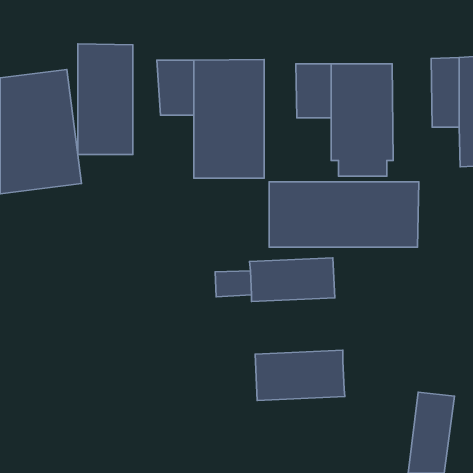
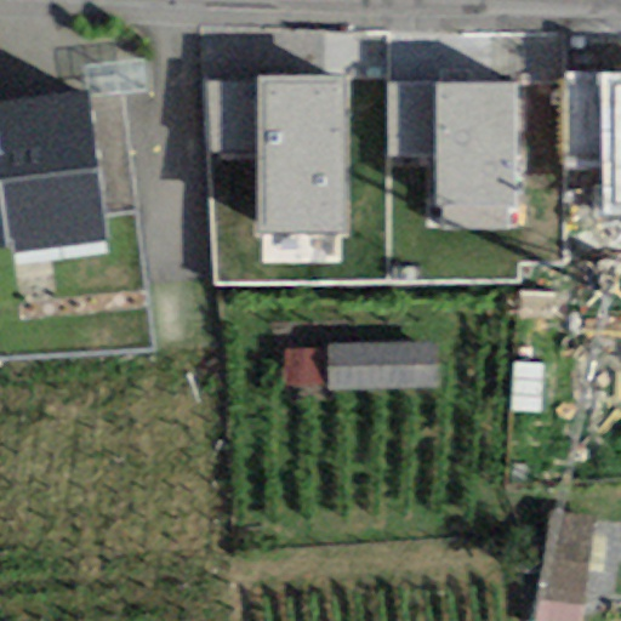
building: [78,44,133,154] -> none
building: [269,182,419,247] -> none
building: [255,350,345,401] -> none

